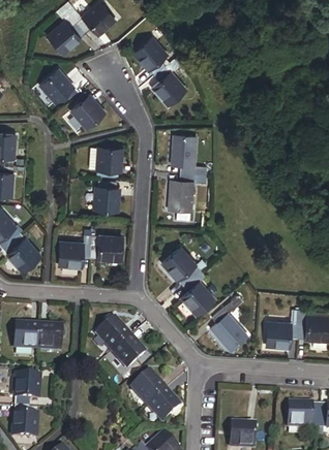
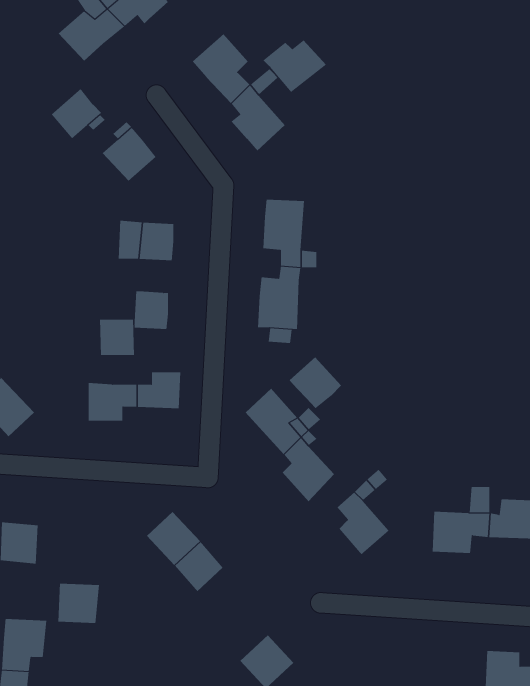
building: none -> [263,39,327,93]
building: none -> [99,319,135,356]
building: none -> [289,357,342,409]
building: [36,325,61,349] -> [57,583,100,624]
building: [139,372,172,405] -> none

